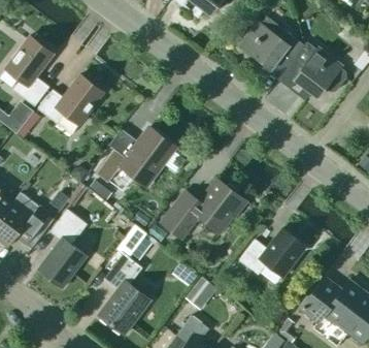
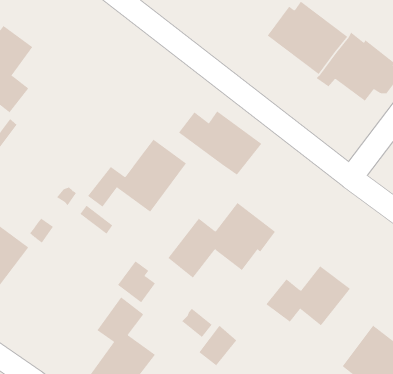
building: [37,74,103,134] -> none
building: none -> [178,111,262,176]
building: [37,209,87,288] -> none

